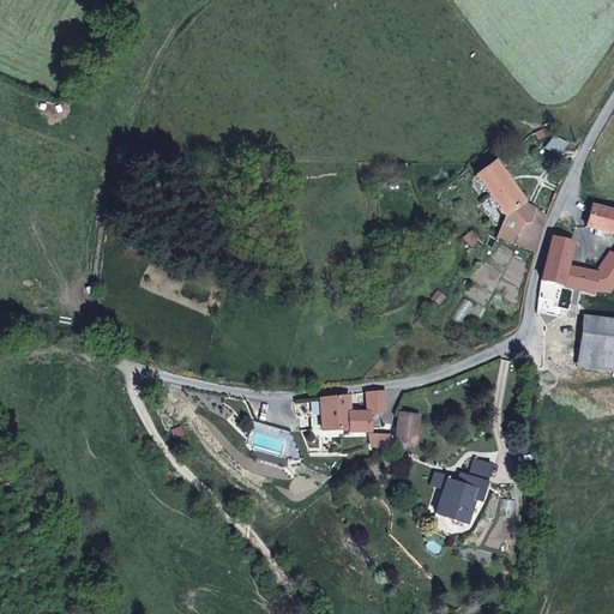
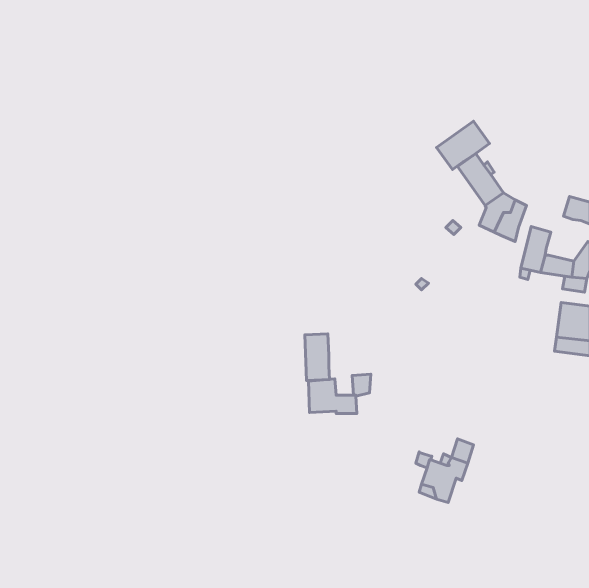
building: none -> [436,121,489,170]
building: none -> [305,334,329,380]
building: [397,410,419,441] -> none

